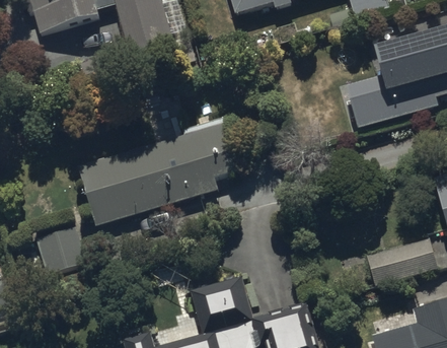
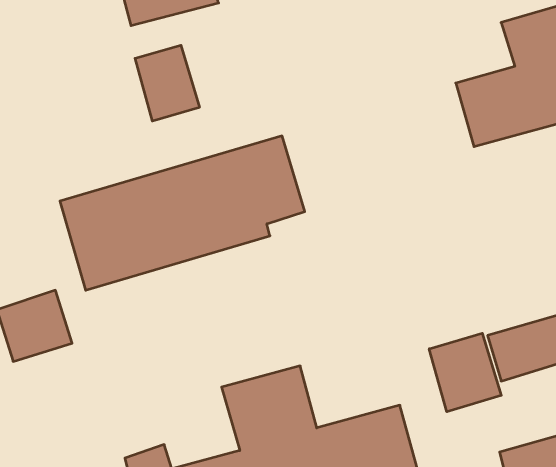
building: none -> [135,45,199,121]
building: none -> [429,333,501,412]

